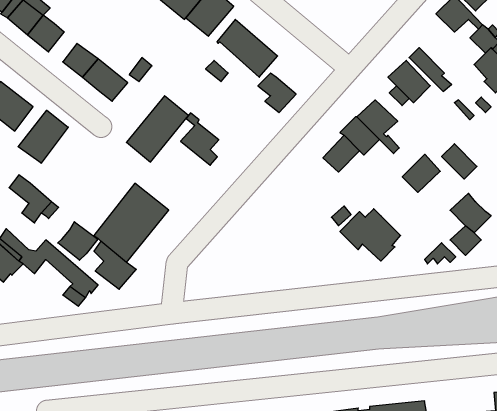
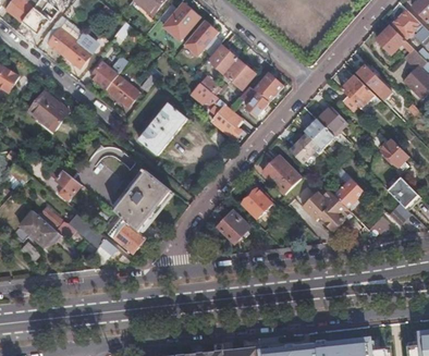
building: none -> [254,72,282,101]
building: [18,110,68,163] -> none
building: [181,113,219,165] -> [211,98,241,138]
building: [402,154,440,192] -> [334,177,364,207]
building: none -> [263,156,301,194]
building: none -> [242,187,272,218]
building: [58,222,98,260] -> none
building: none -> [218,211,249,243]

